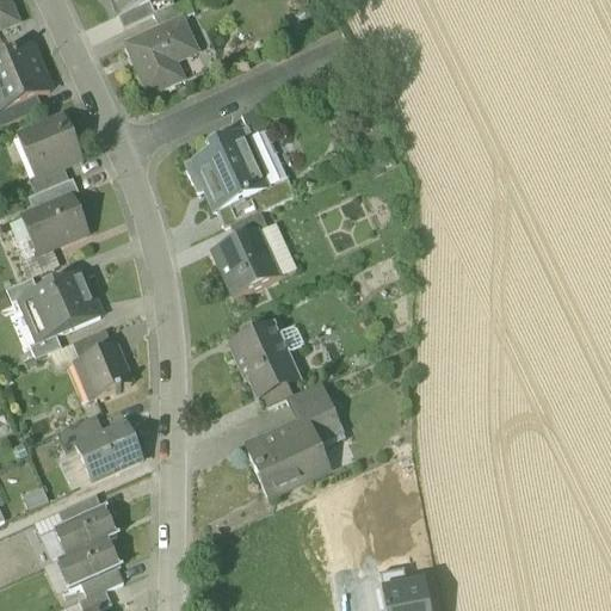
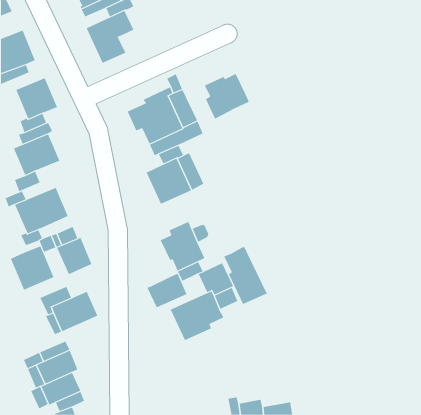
building: none -> [204,73,250,119]
building: none -> [10,245,54,290]
building: none -> [224,246,268,305]
building: none -> [147,273,187,308]

